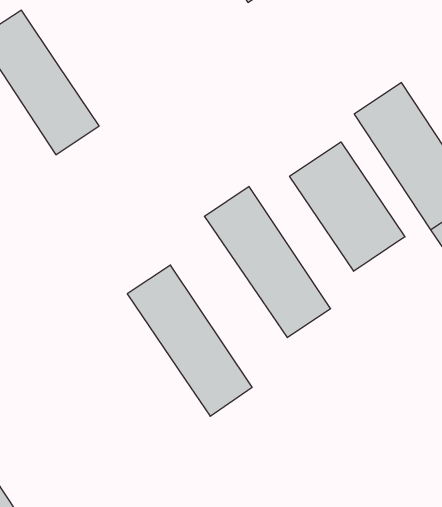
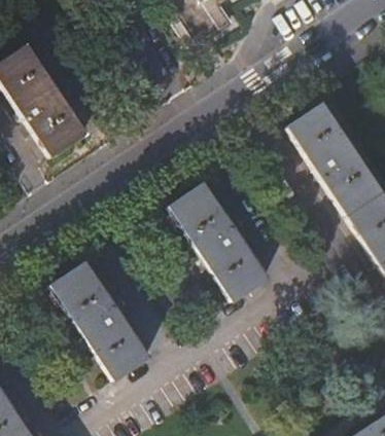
building: [290,142,405,271] -> none
building: [127,265,252,416] -> [51,262,149,380]

